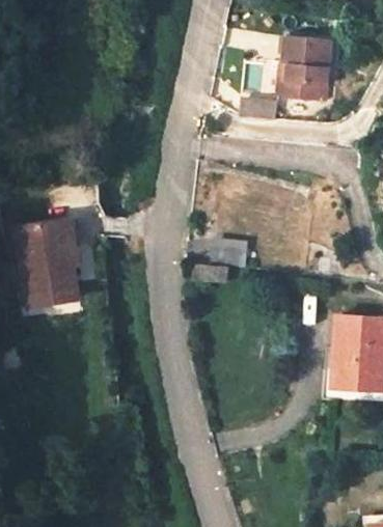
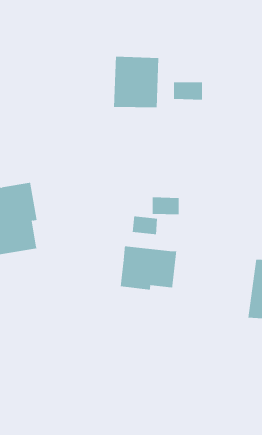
building: [277,39,332,102] -> [113,56,159,108]
building: none -> [120,245,177,291]

